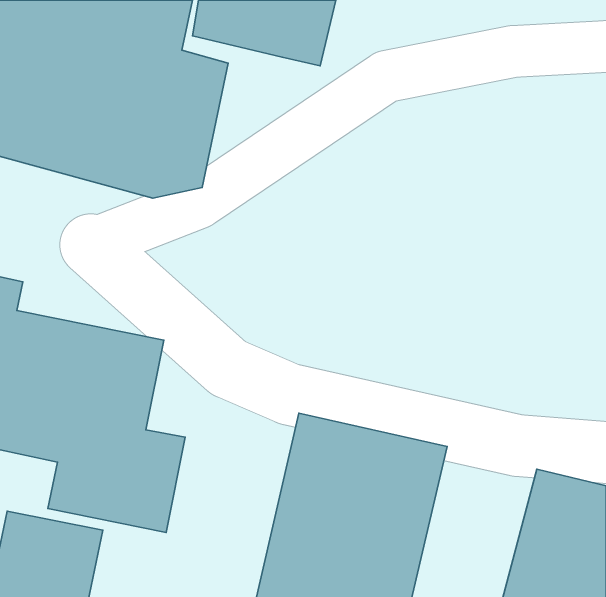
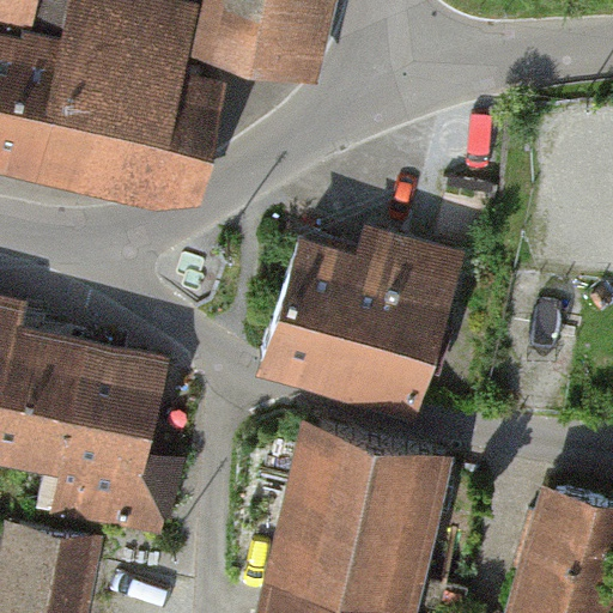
building: none -> [261,219,467,408]

